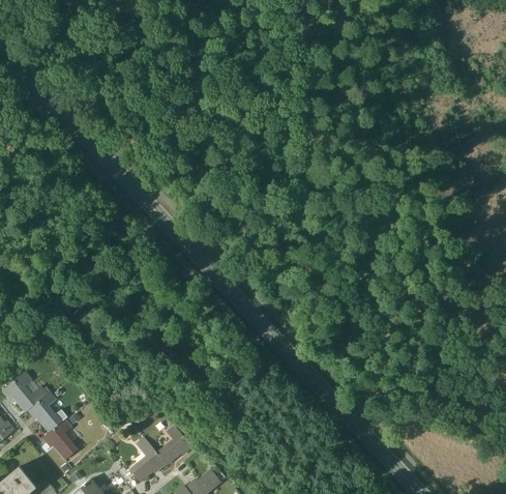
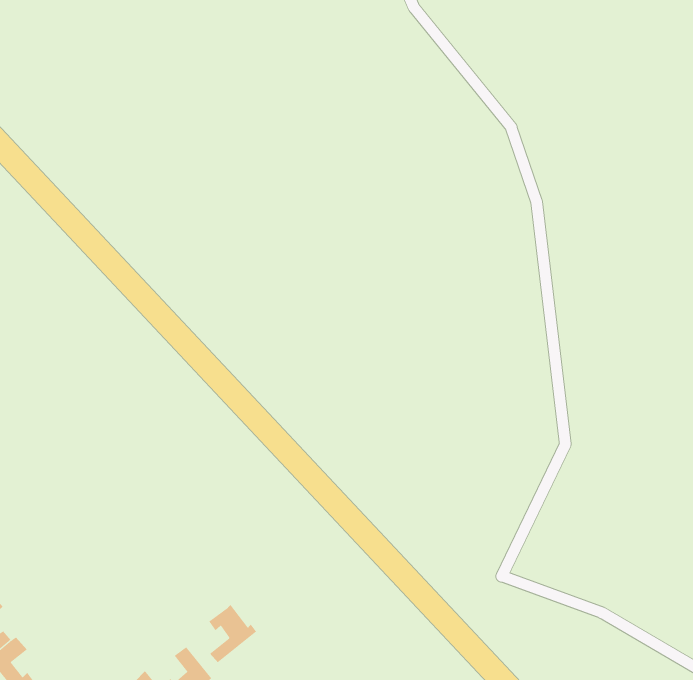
building: none -> [208,604,257,663]

